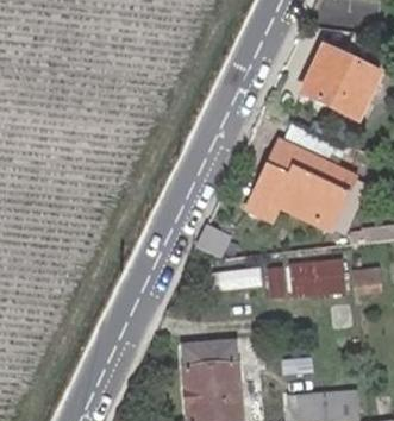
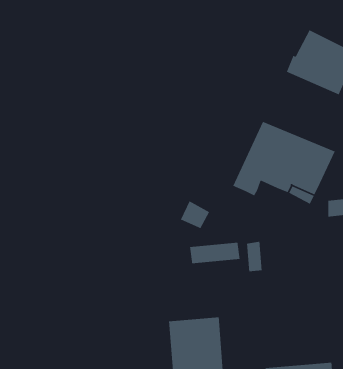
building: [289,262,339,295] -> none

